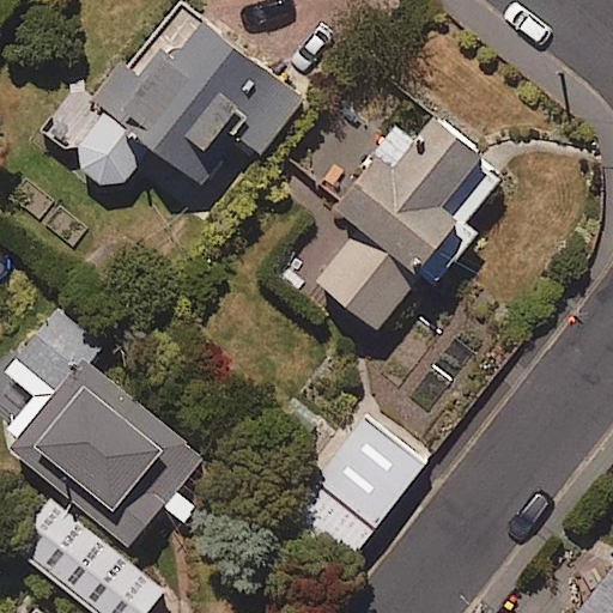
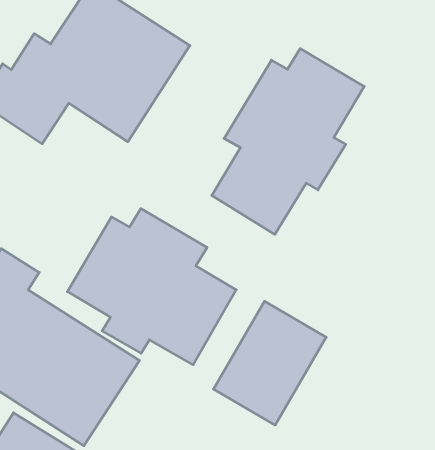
building: none -> [67,209,236,365]

